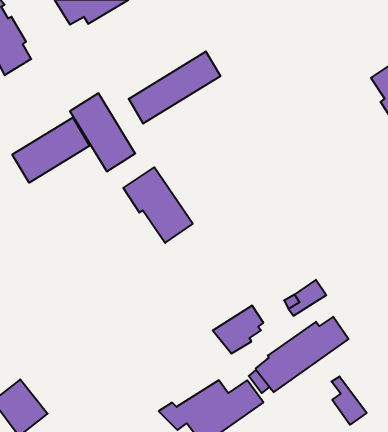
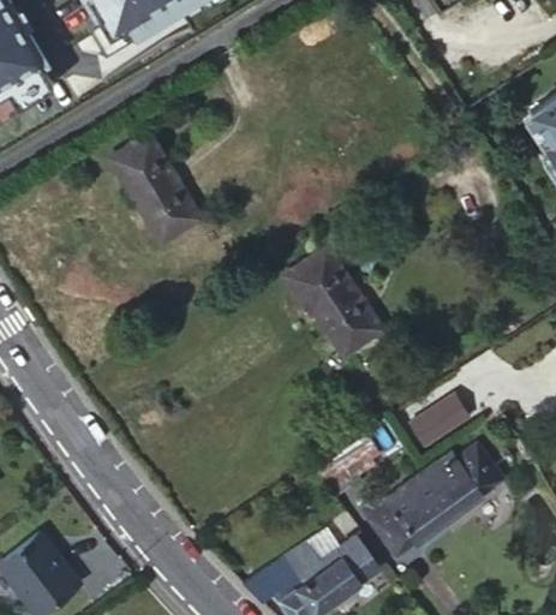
building: [129,51,220,124] -> none
building: [12,118,89,183] -> none
building: [123,167,193,243] -> [285,249,382,354]
building: [331,376,367,425] -> none

